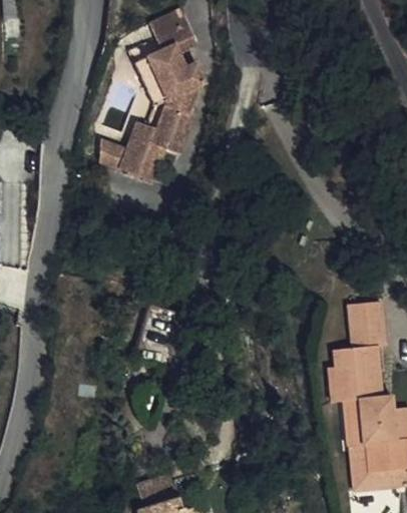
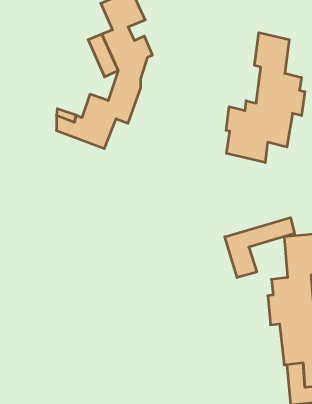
building: none -> [226,33,305,163]
building: none -> [225,218,295,278]

